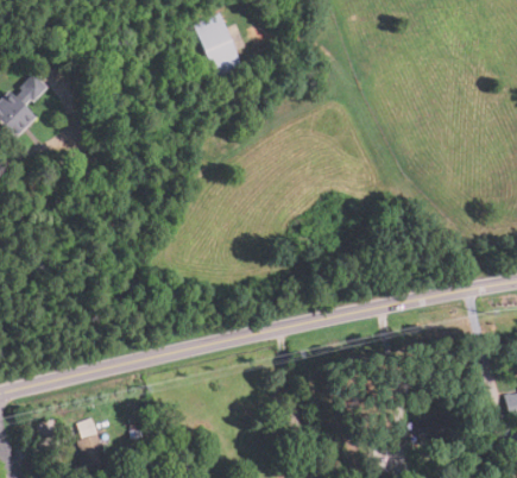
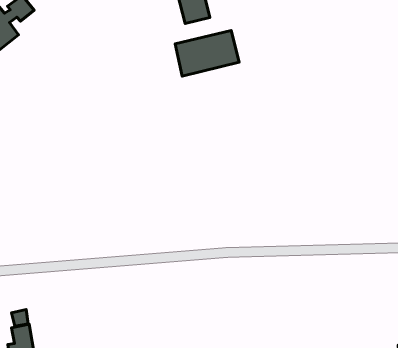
building: none -> [175,31,239,76]

